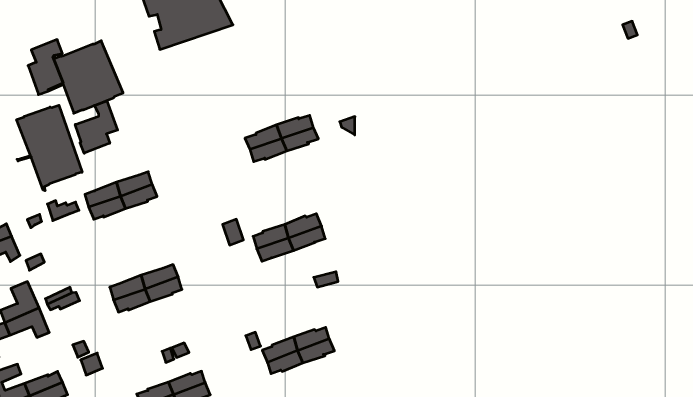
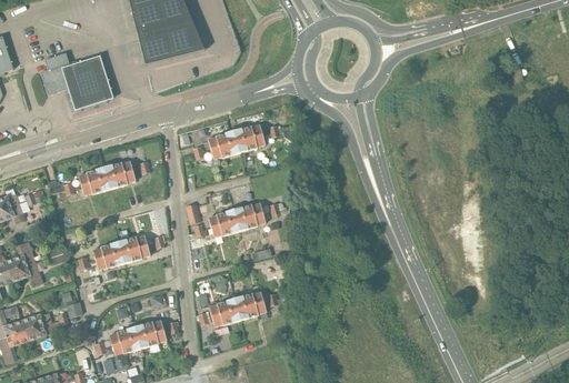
building: [75,101,118,153] -> none
building: [17,105,82,191] -> none

